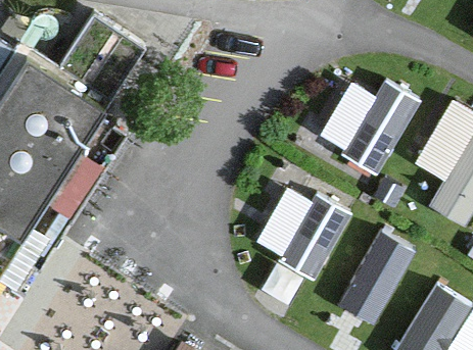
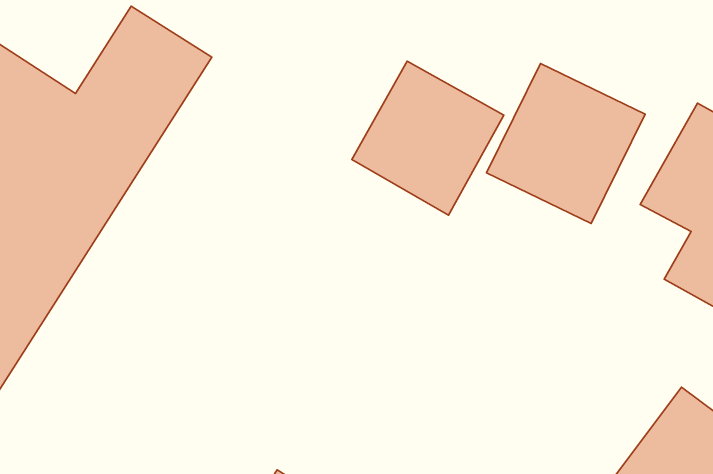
building: [254,177,352,276] -> [352,61,504,215]
building: [336,226,420,321] -> none

